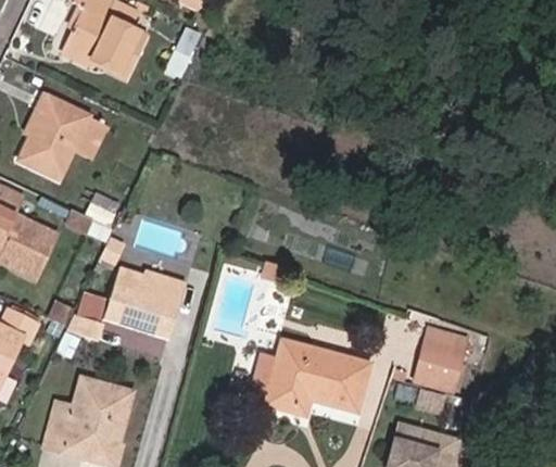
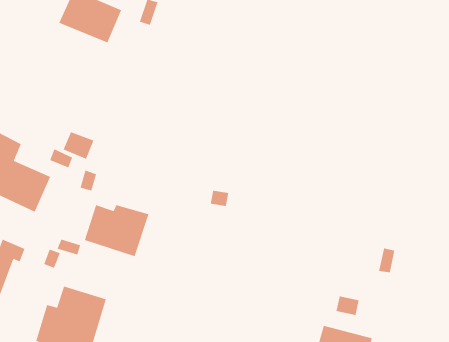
building: [28,96,98,179] -> none
building: [265,338,366,411] -> none
building: [412,339,460,387] -> none

